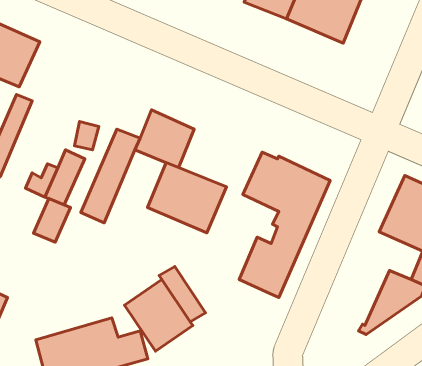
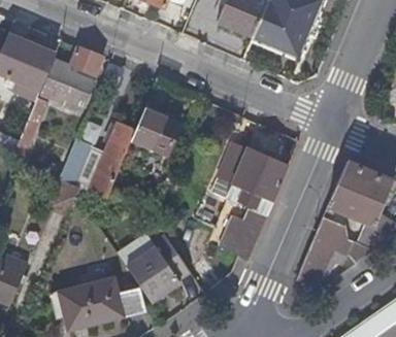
building: none -> [41,46,102,108]
building: [147,163,227,233] -> none
building: none -> [294,221,339,285]

